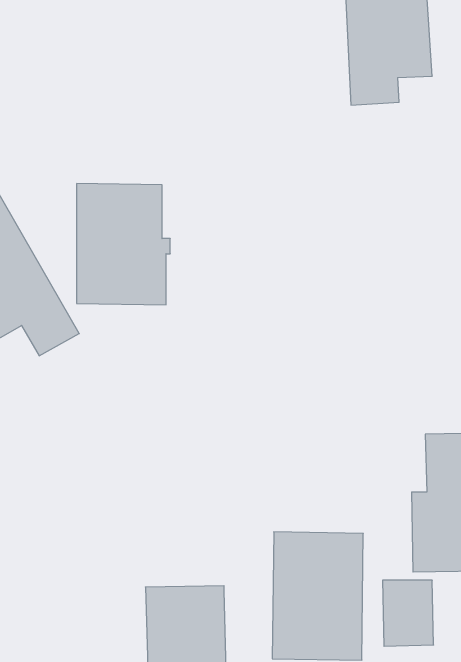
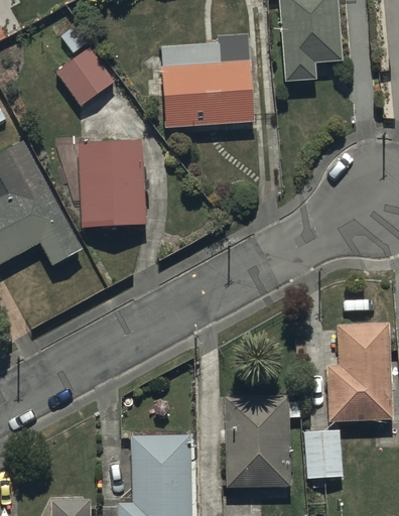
building: none -> [160,34,255,127]
building: none -> [55,47,115,106]

